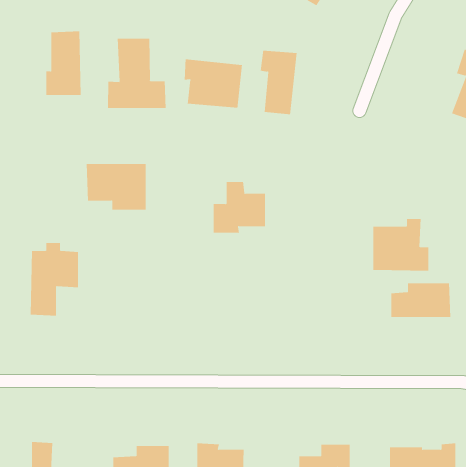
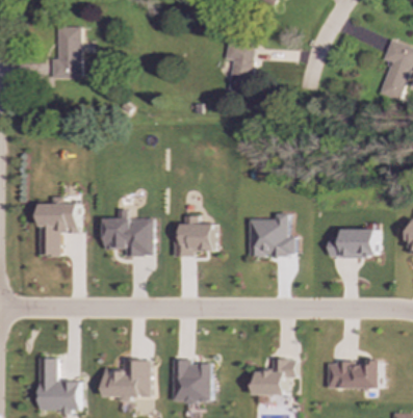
building: [107,38,166,109] -> none
building: [184,59,242,108] -> none
building: [86,164,147,210] -> [104,218,153,256]
building: [213,182,266,233] -> [173,214,215,256]
building: [372,218,429,271] -> [249,213,294,256]

